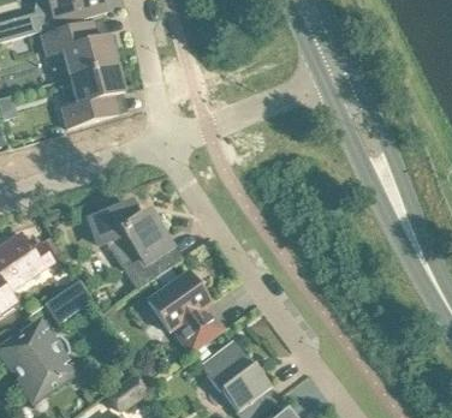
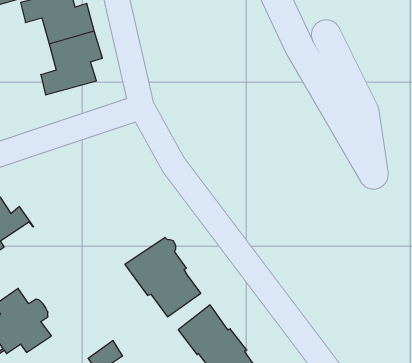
building: [89,204,173,288] -> none
building: [43,279,91,322] -> none

